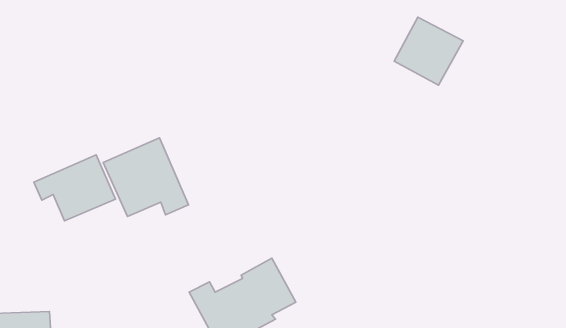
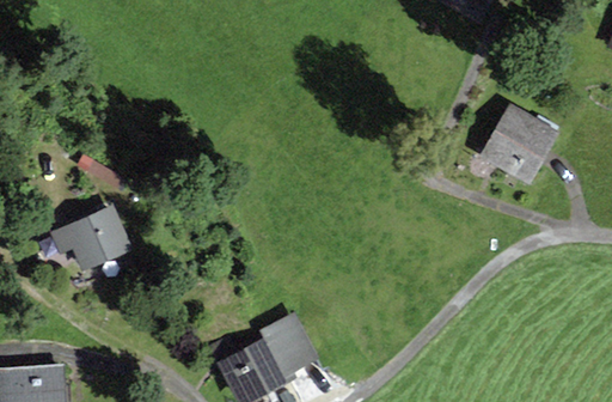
building: [394,17,463,85] -> [482,112,555,184]
building: [103,138,189,217] -> none

